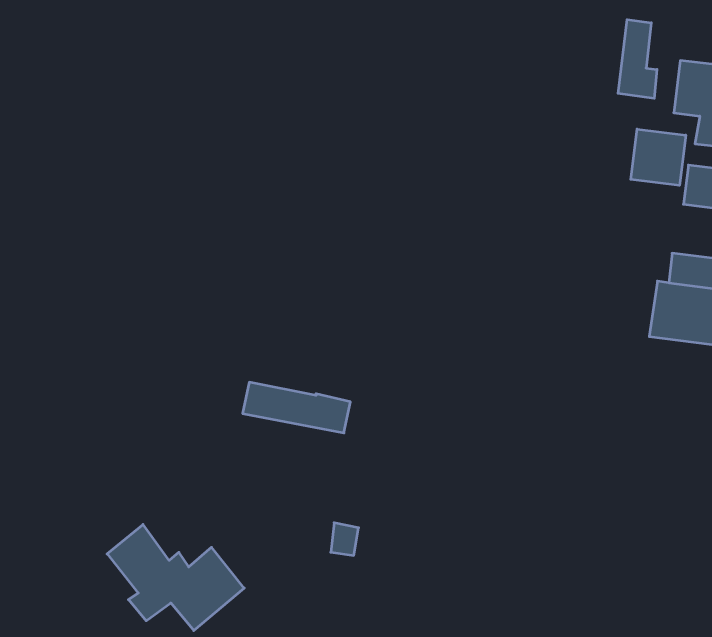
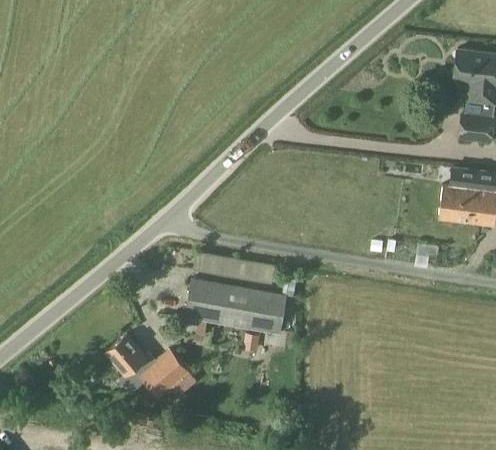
building: [618,20,657,98] -> none
building: [631,129,686,185] -> none
building: none -> [184,279,287,335]

